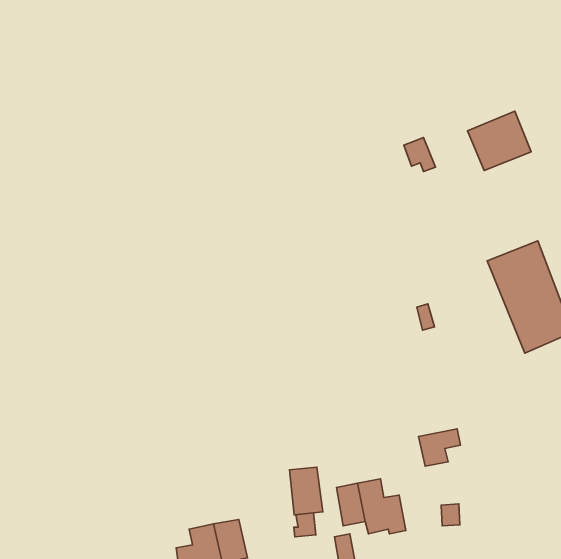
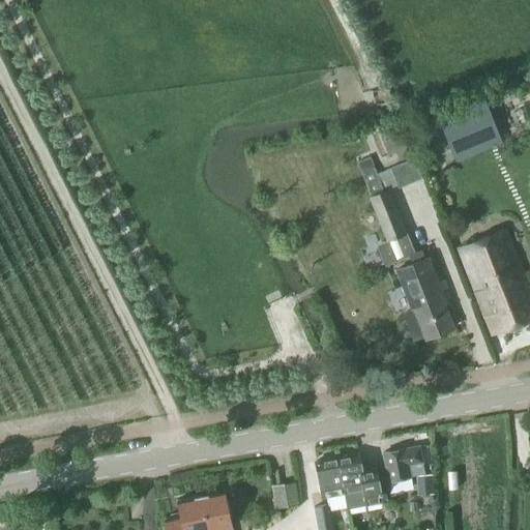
building: none -> [357,160,454,341]
building: [419,429,460,466] -> [384,446,423,481]
building: [290,467,323,515] -> none

